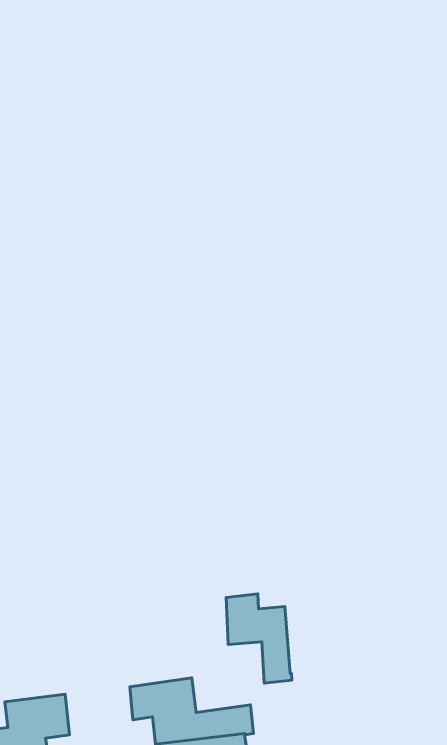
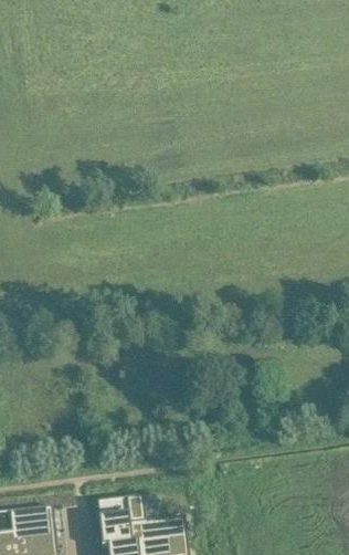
building: [226,594,292,683] -> none

